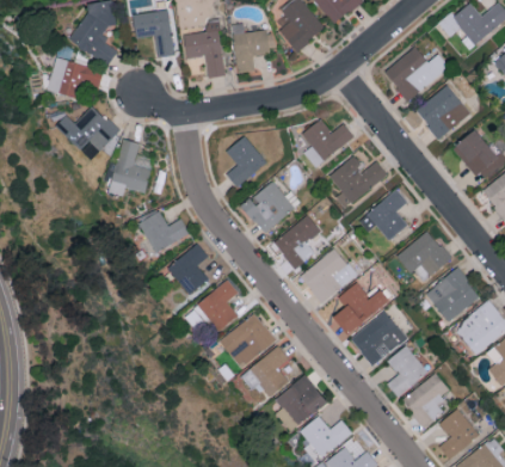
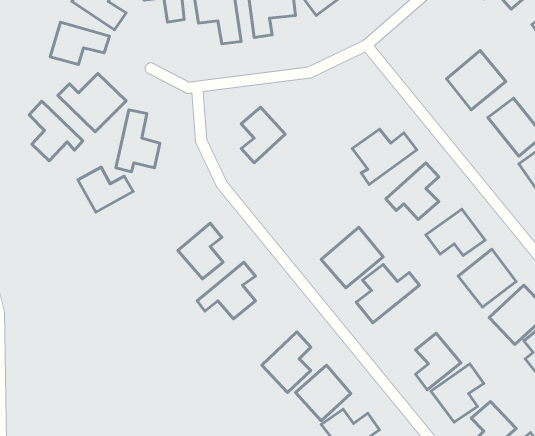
building: [384,47,450,100] -> none
building: [302,118,355,167] -> none
building: none -> [29,101,83,161]
building: [241,180,295,233] -> none
building: [138,210,190,252] -> [78,167,133,212]
building: [273,215,321,269] -> none
building: [350,311,407,365] -> none
building: [220,312,277,368] -> none

